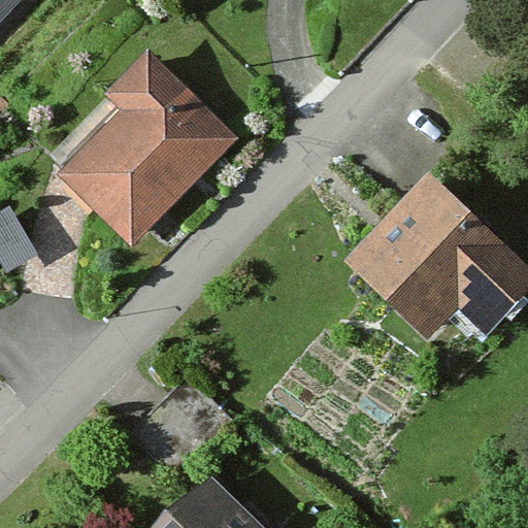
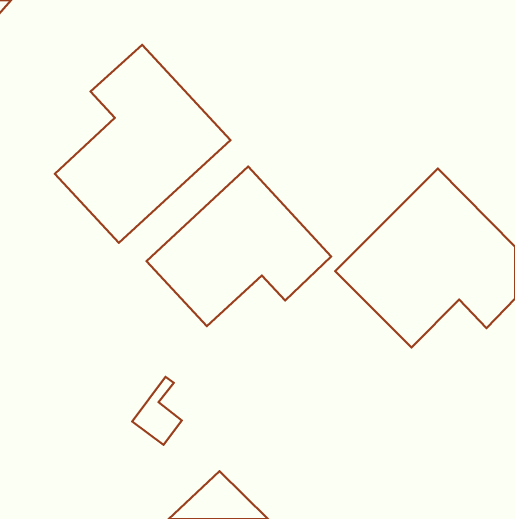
building: none -> [147,166,331,326]

